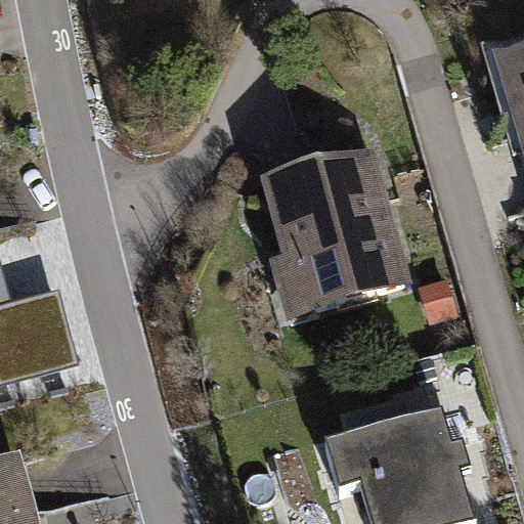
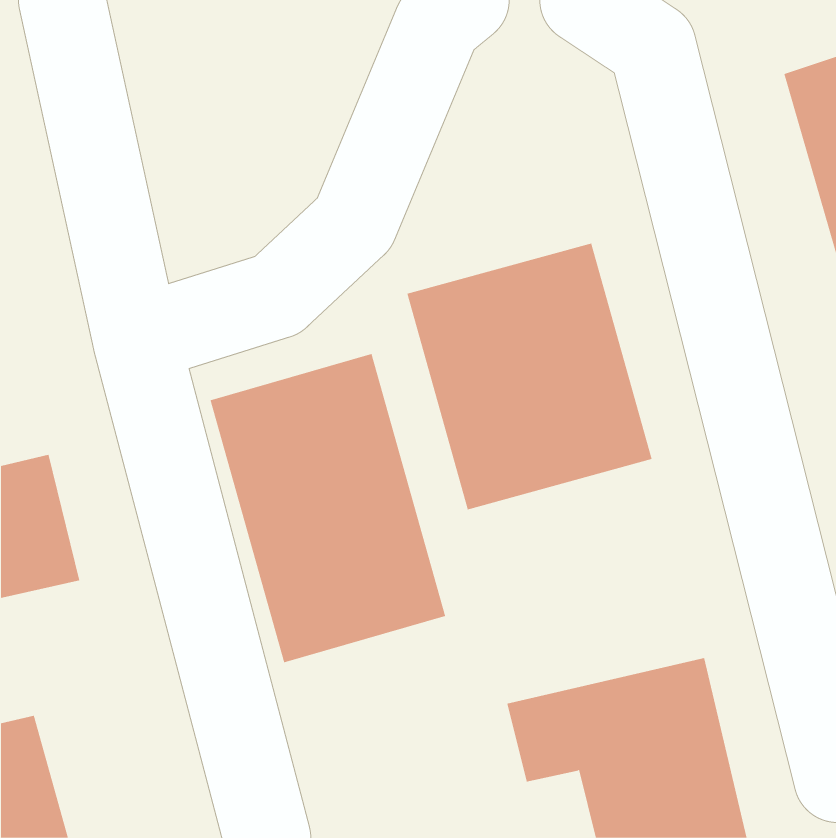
building: none -> [210,353,446,663]

